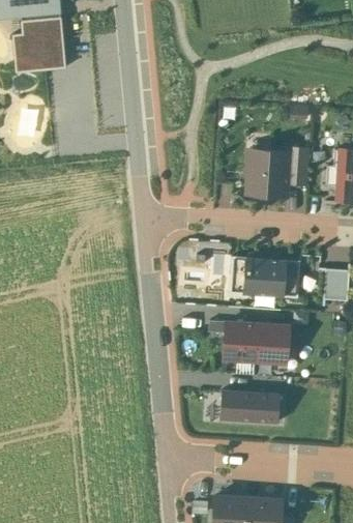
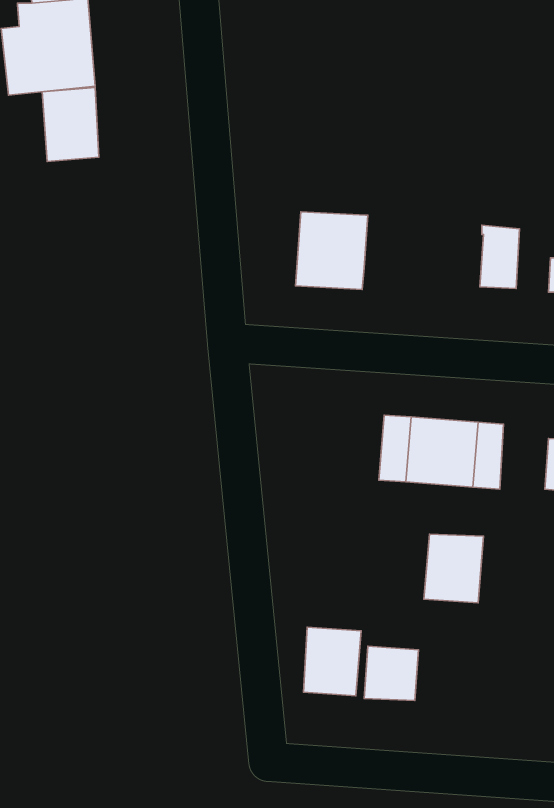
building: none -> [42,87,99,162]
building: [246,150,288,195] -> [295,212,368,289]
building: [224,322,257,361] -> [303,627,361,696]
building: [248,390,278,422] -> none

